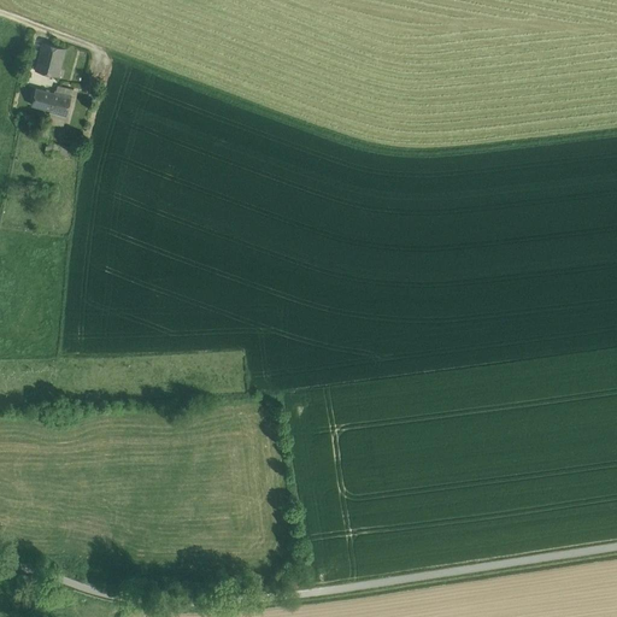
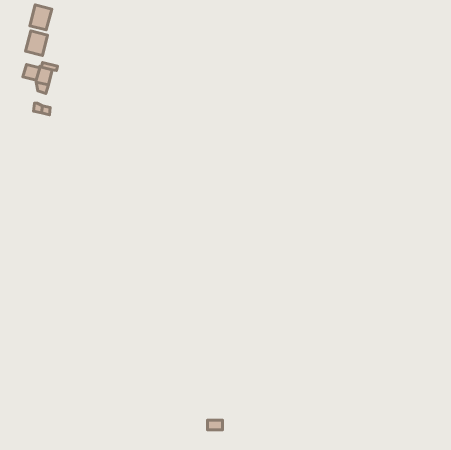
building: none -> [30,5,52,30]

